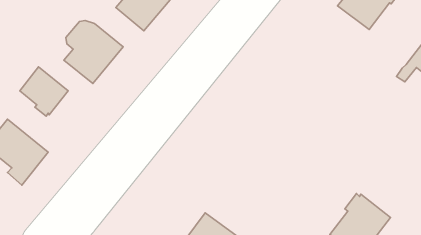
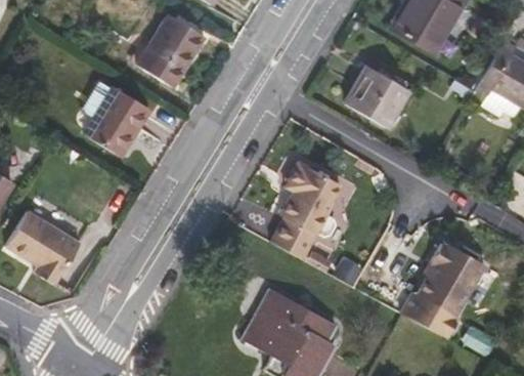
building: none -> [344,66,408,128]
building: [20,67,68,116] -> none
building: none -> [271,161,341,258]

